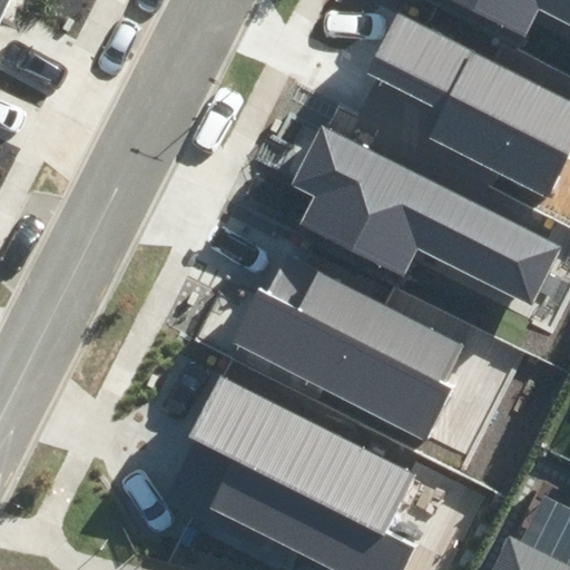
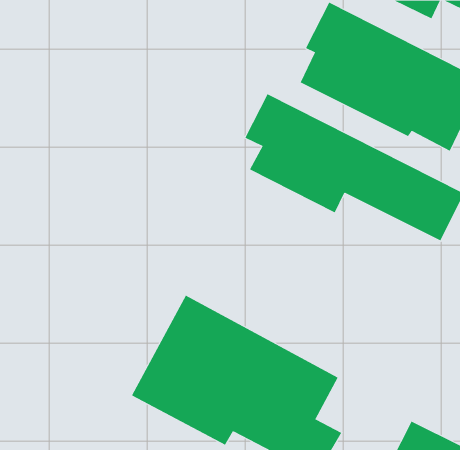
building: [239,247,474,444] -> none

